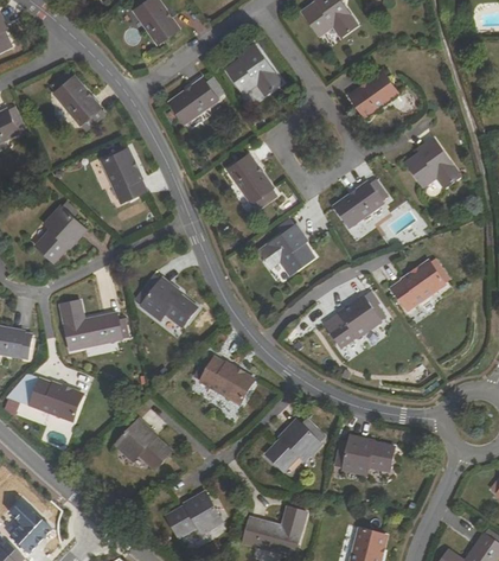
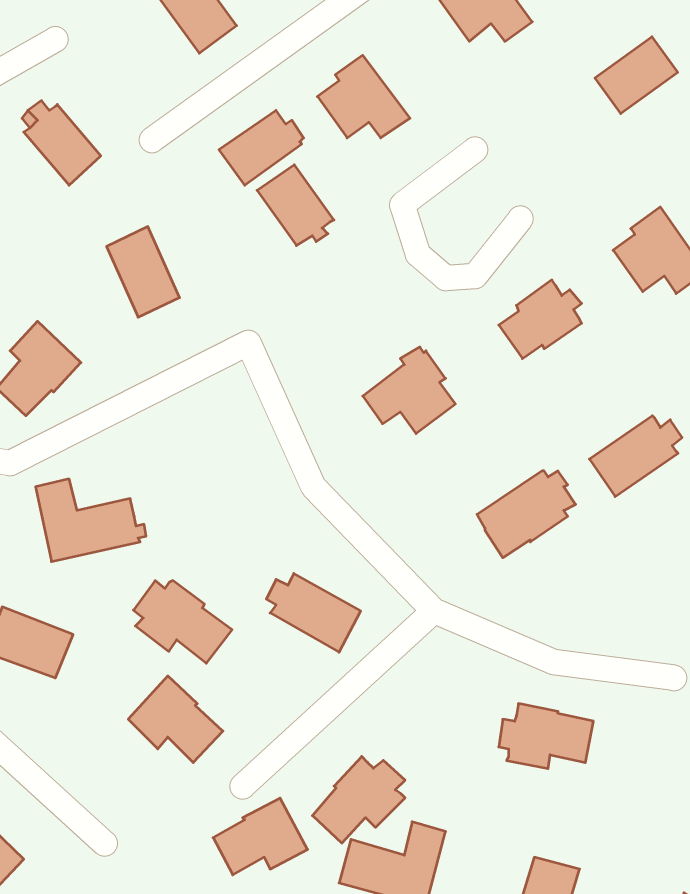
building: [348,70,398,116] -> [595,37,678,114]
building: [228,154,274,203] -> [257,165,334,246]
building: [137,279,197,329] -> [133,581,232,663]
building: [264,419,320,471] -> [312,756,405,843]

